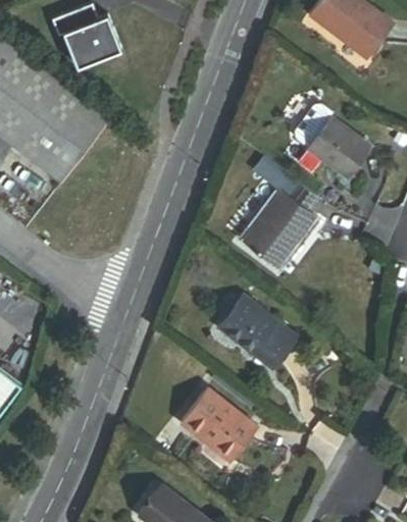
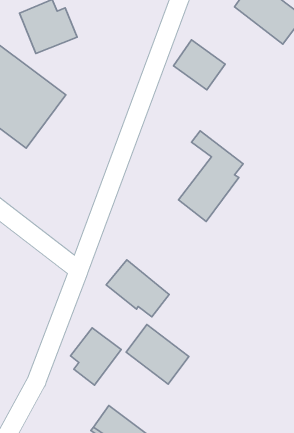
building: [307,118,368,177] -> [173,40,225,90]
building: [218,298,293,365] -> [106,260,169,317]
building: none -> [70,328,121,385]

